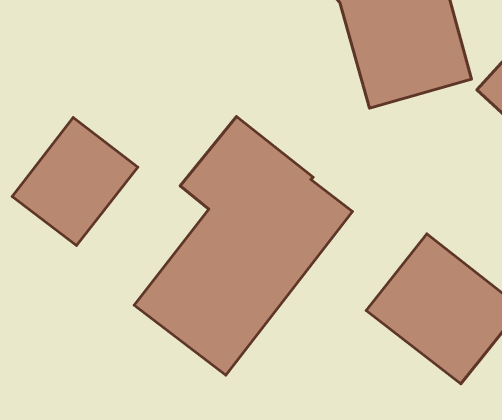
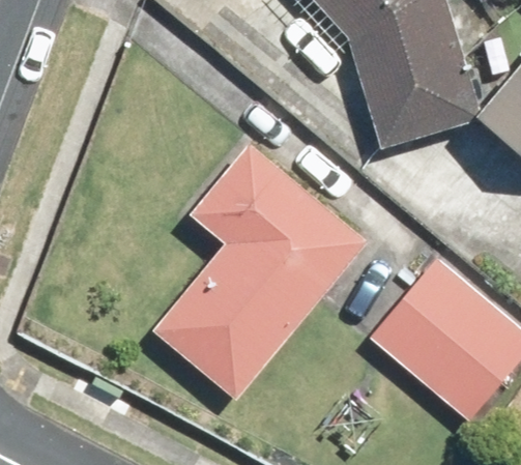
building: [12,118,138,246] -> none

